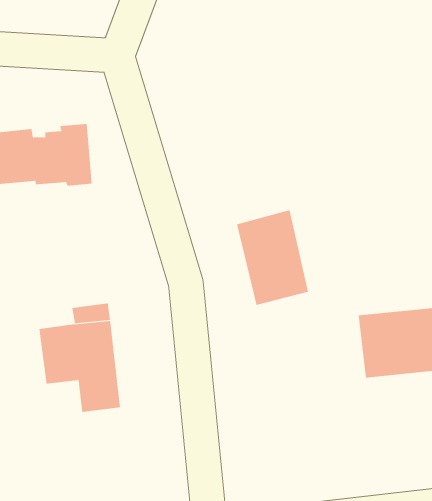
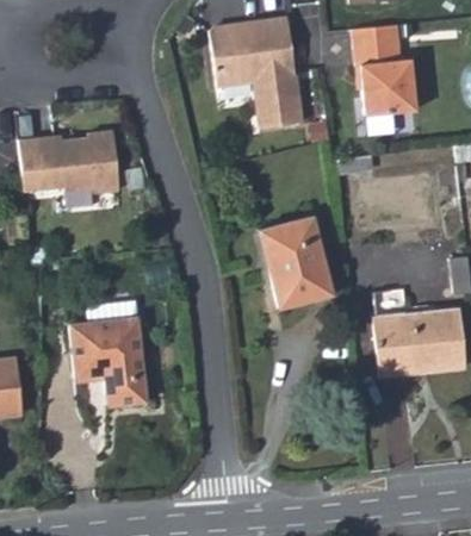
building: none -> [209,15,305,126]
building: none -> [352,25,415,114]

